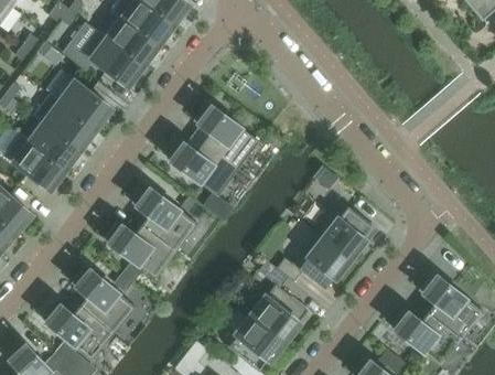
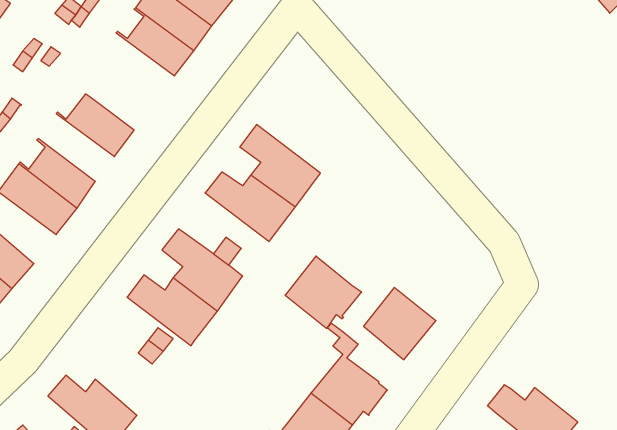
building: [80,31,142,87] -> none
building: [34,95,95,149] -> none
building: [316,202,377,259] -> [285,256,362,328]
building: [72,267,136,334] -> none
building: [419,274,483,340] -> none

